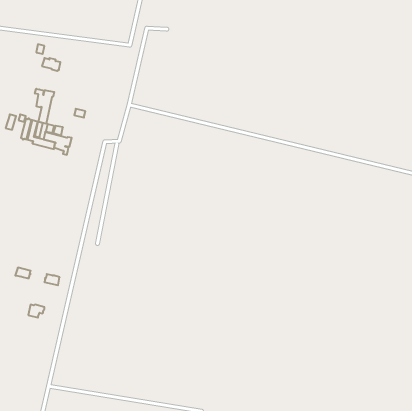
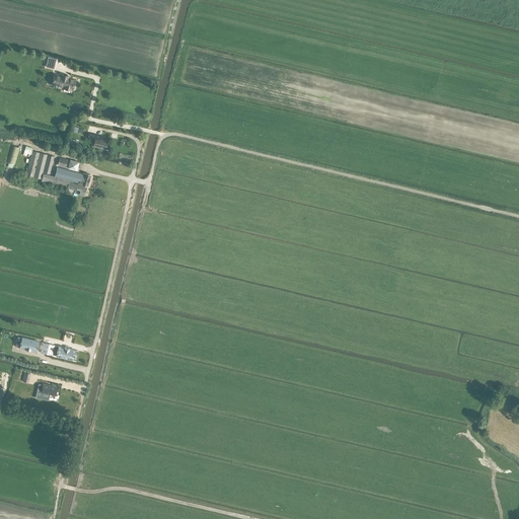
building: [35,89,54,124] -> none

